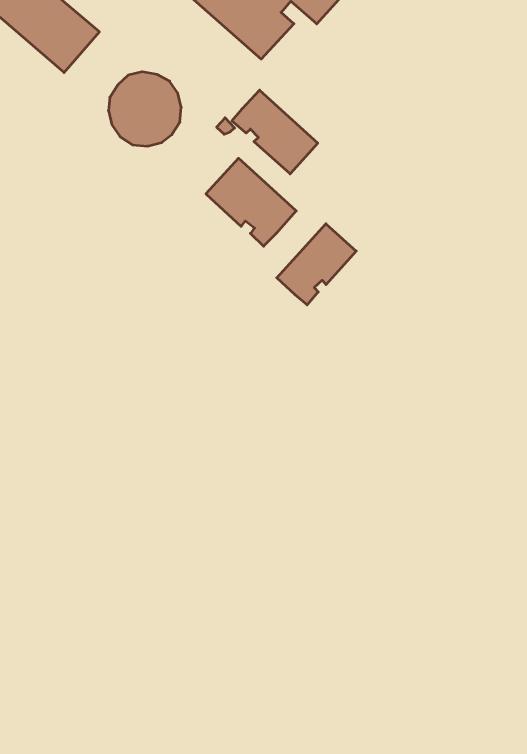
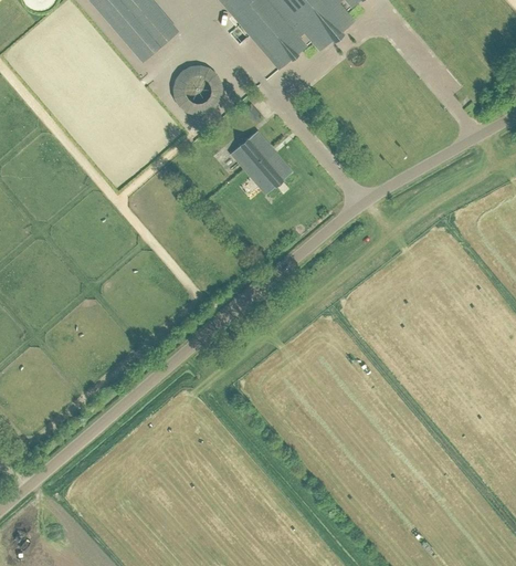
building: [232,90,318,174] -> none
building: [277,224,356,305] -> none

